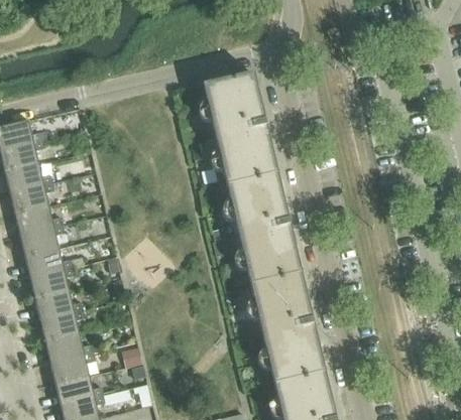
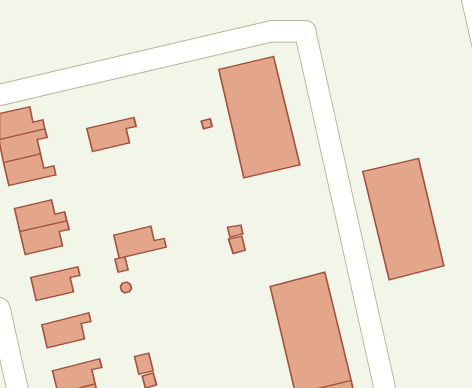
building: [227,174,302,286] -> [363,158,444,280]
building: [10,183,55,215] -> [87,118,136,152]
building: [25,249,74,278] -> [114,226,166,258]
building: [35,291,84,321] -> none
building: [45,334,94,364] -> none

